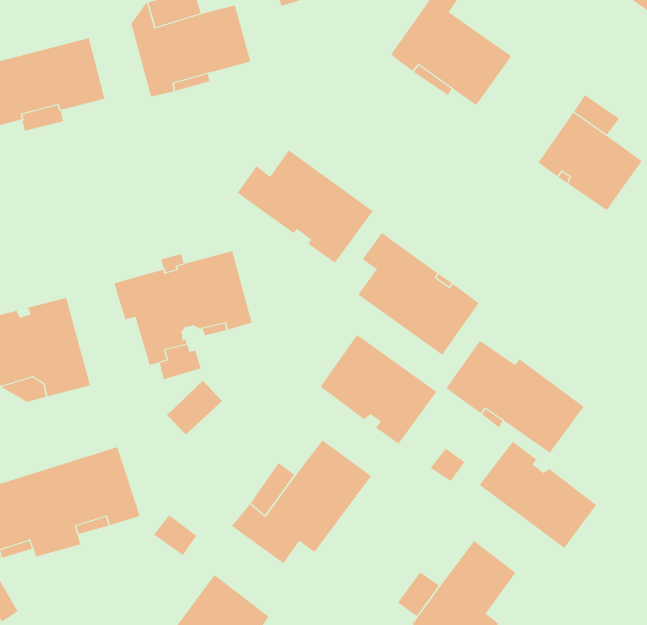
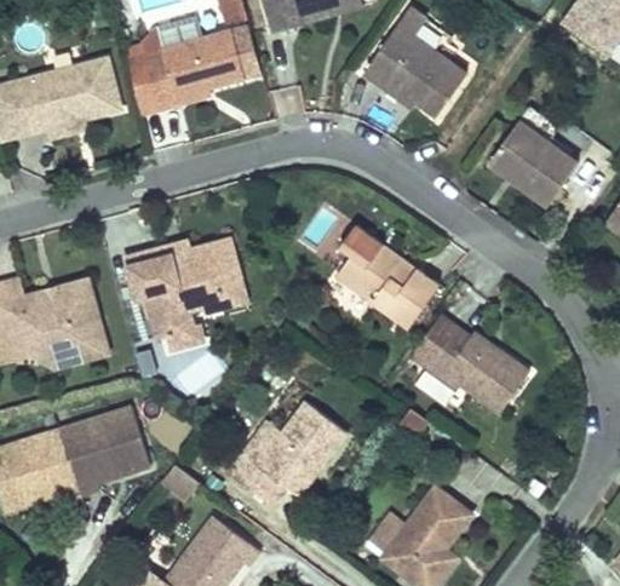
building: [237,150,373,263] -> none
building: [320,334,437,445] -> none
building: [479,441,597,549] -> none

